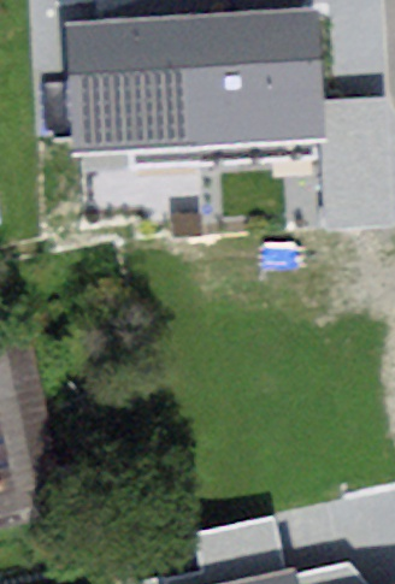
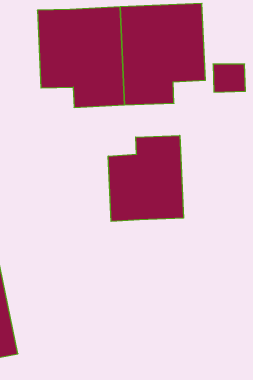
building: none -> [108,135,183,221]

